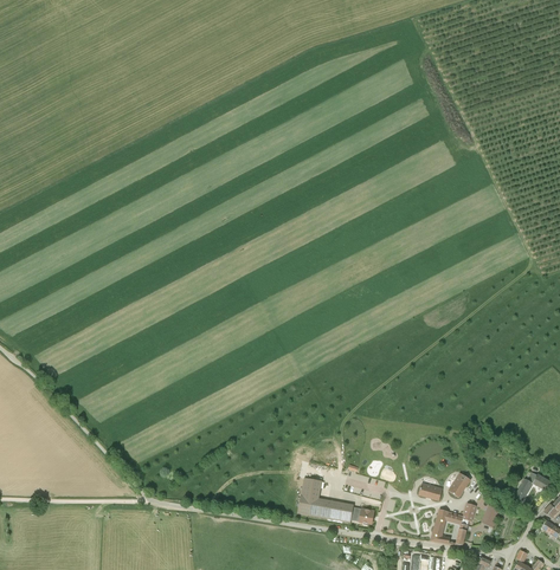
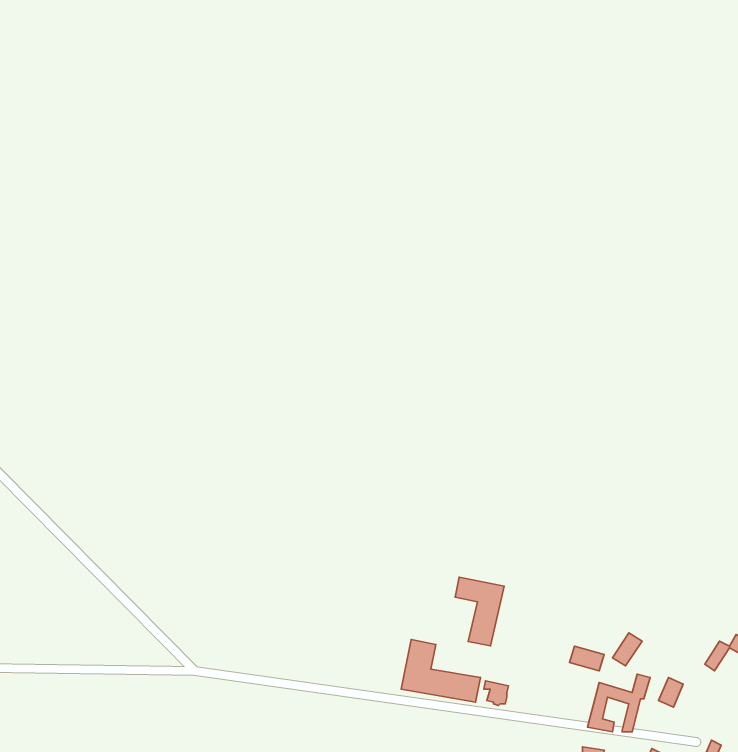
building: none -> [455,577,504,646]

